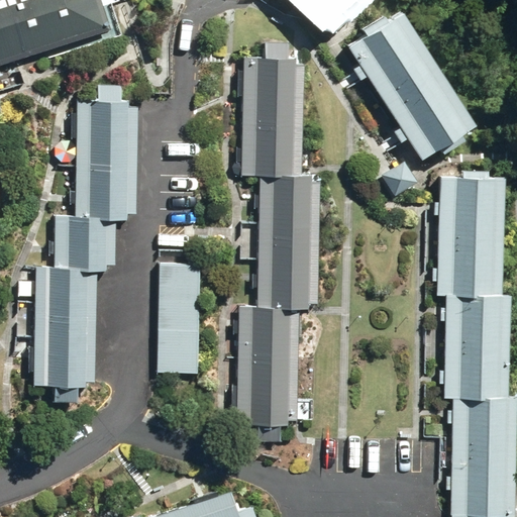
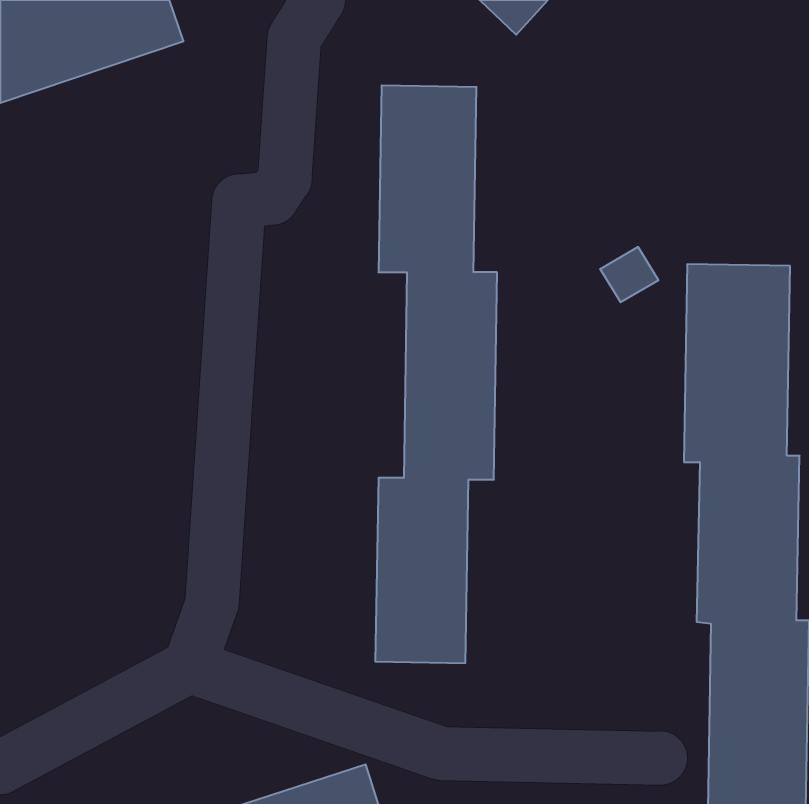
building: [348,10,478,159] -> none
building: [34,99,130,386] -> none
building: [158,267,198,376] -> none

